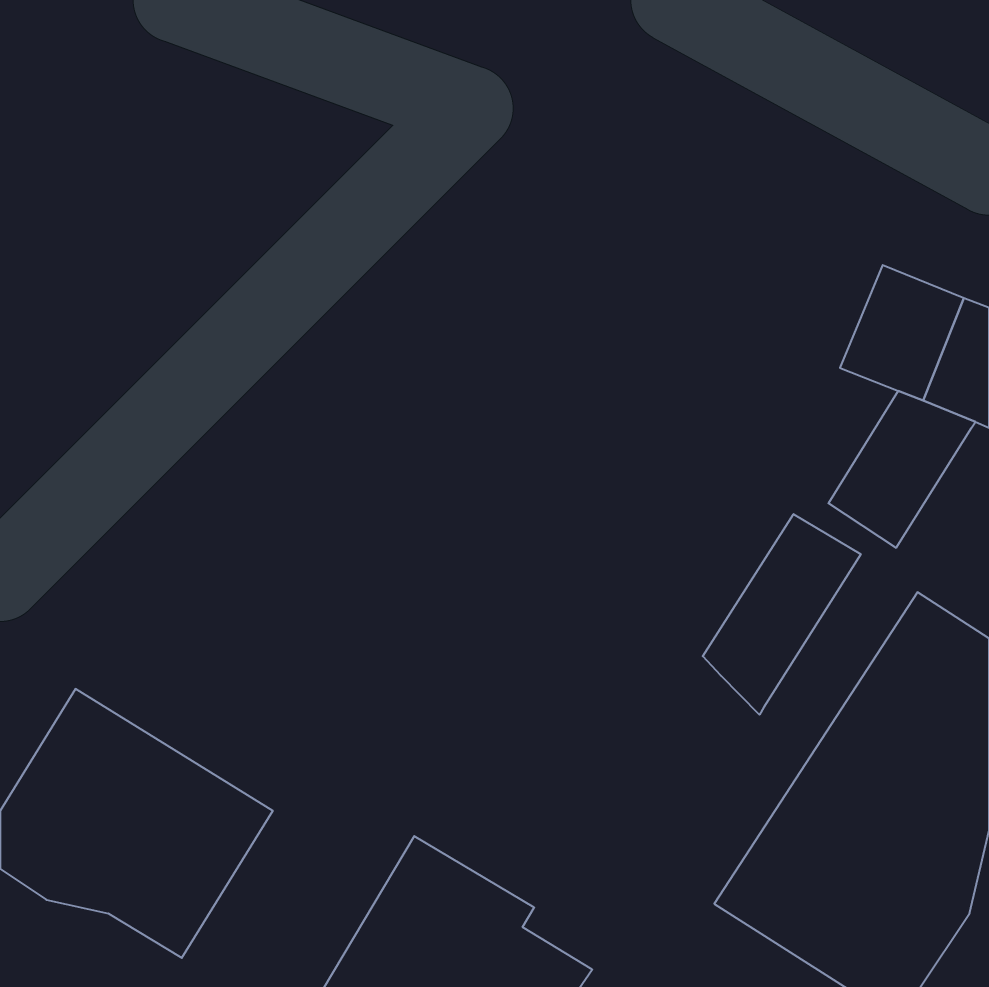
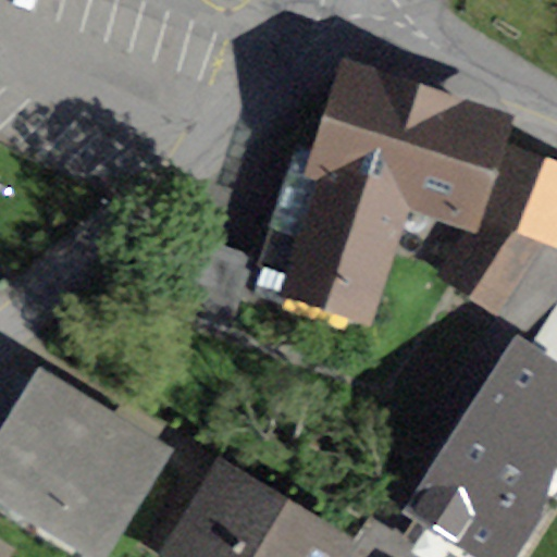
building: none -> [264,84,488,299]
building: [703,514,861,715] -> none

